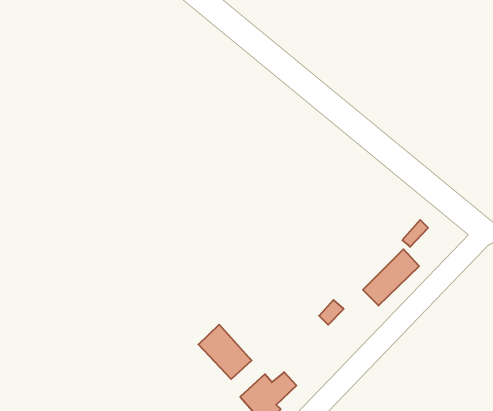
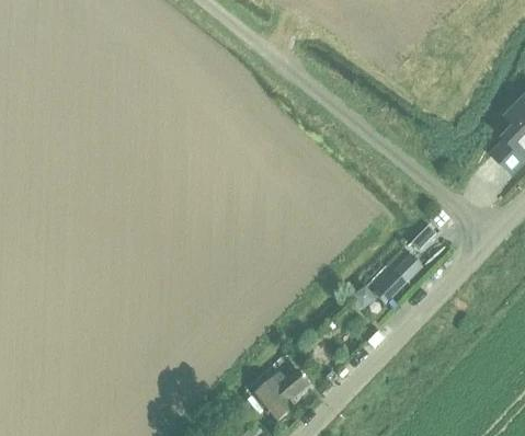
building: [198,325,252,379] -> none

